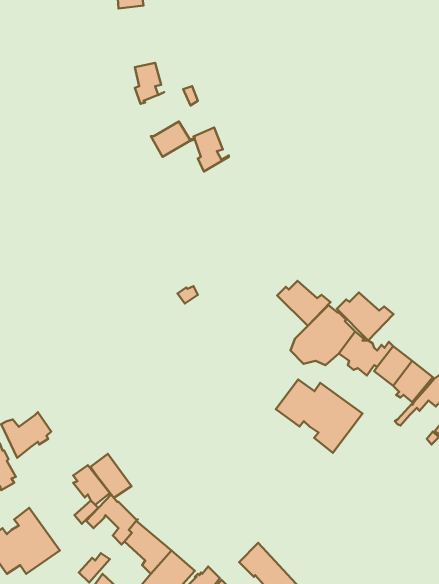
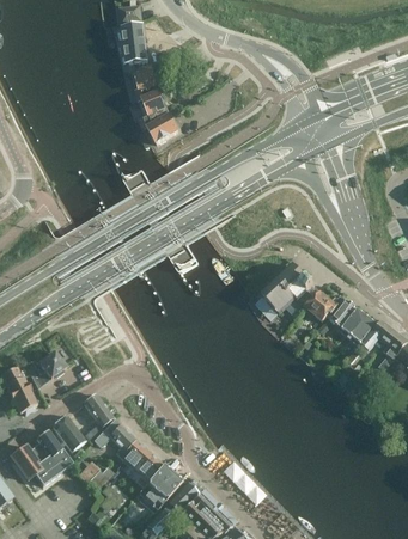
building: none -> [121,24,146,62]
building: [191,128,229,172] -> [138,90,169,125]
building: [277,281,331,326] -> none
building: [337,293,393,340] -> none
building: [276,379,362,453] -> none
building: [90,454,131,498] -> [51,414,85,449]

